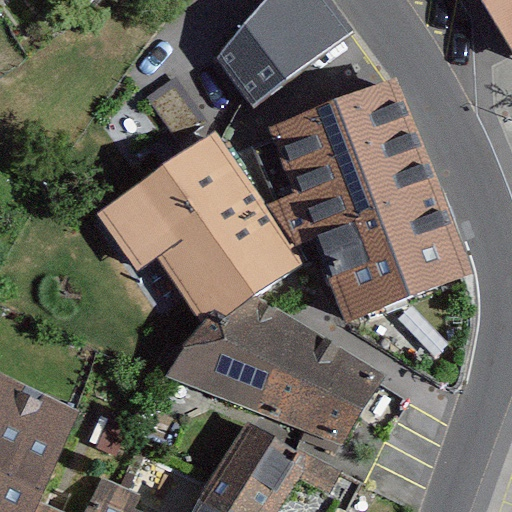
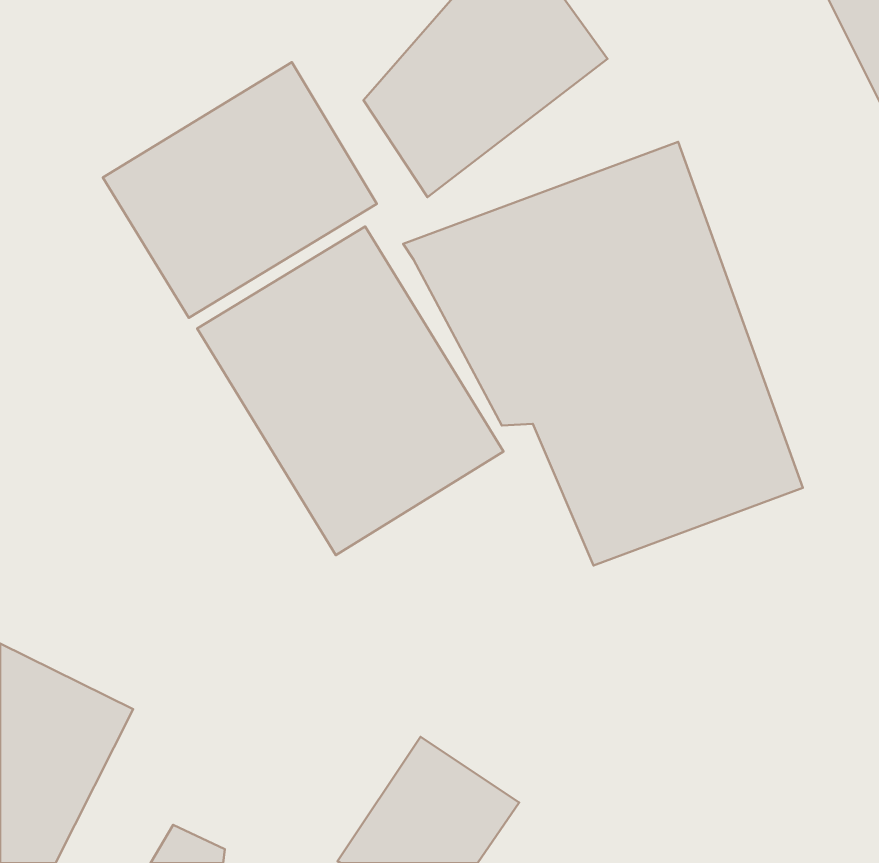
building: none -> [103,62,377,318]
building: [167,298,381,446] -> none

